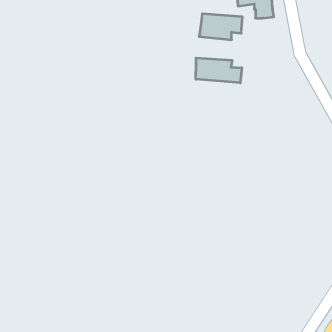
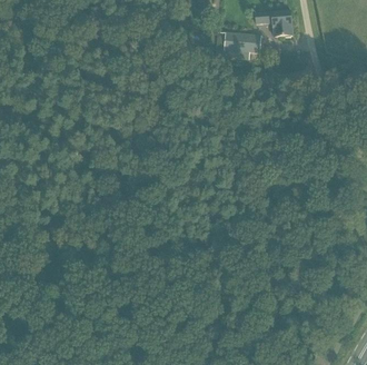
building: [196,58,242,83] -> none

